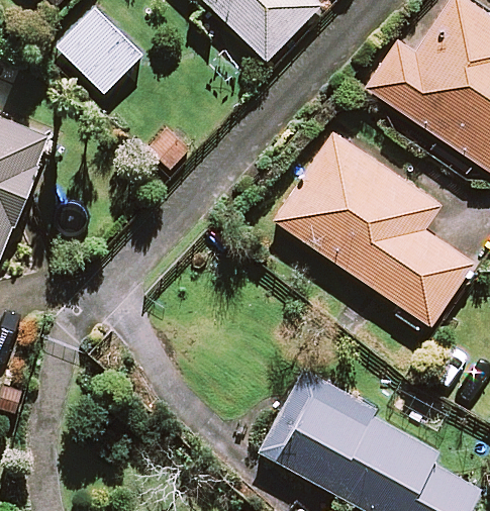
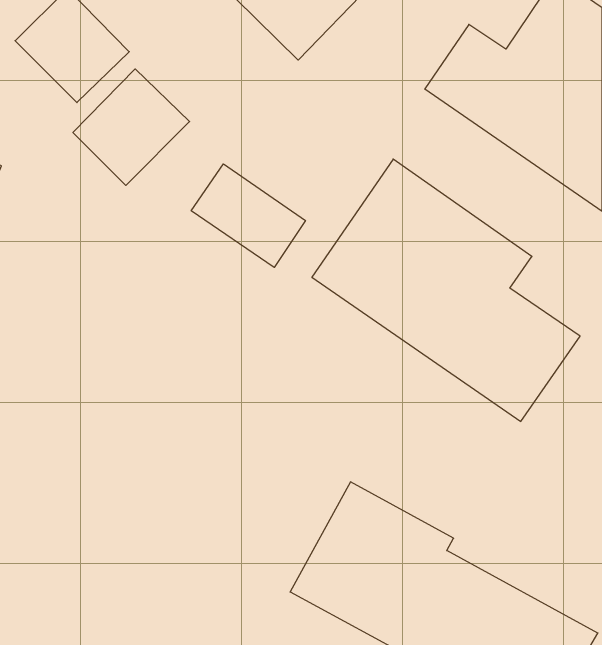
building: none -> [73,69,190,185]
building: none -> [191,164,305,267]

